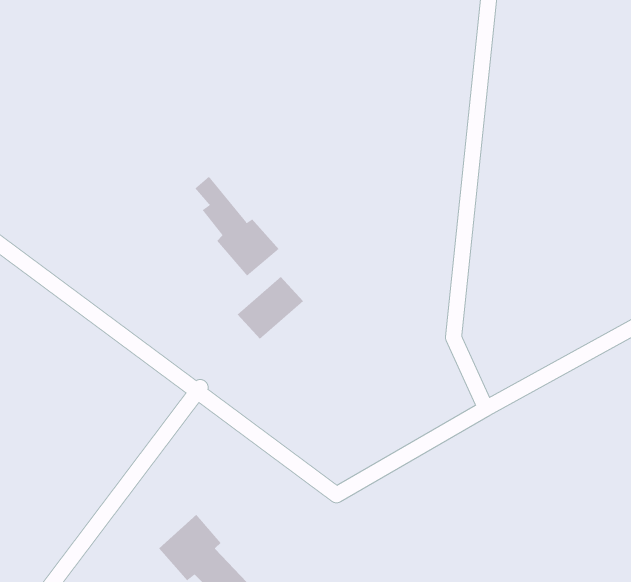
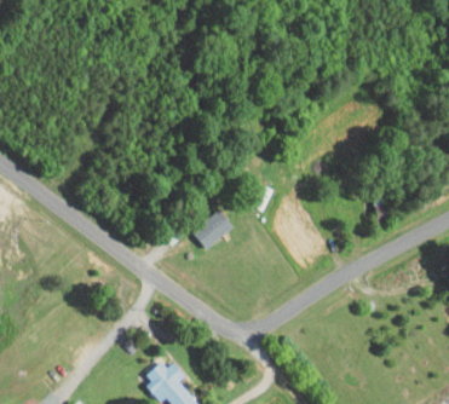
building: [194,176,279,276] -> none

